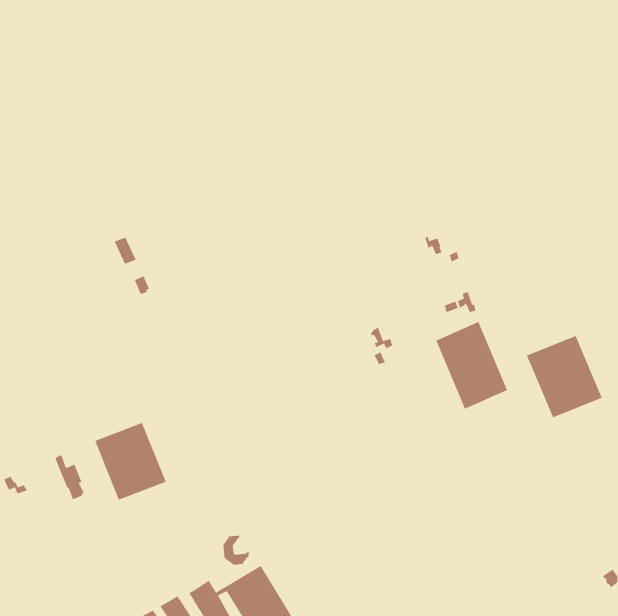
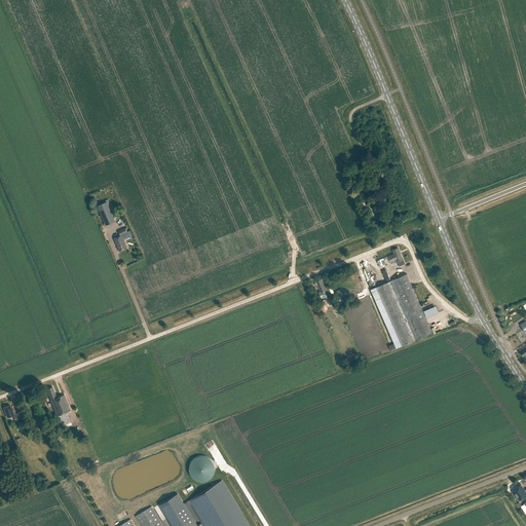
building: [526,335,602,418] -> none
building: [94,422,166,501] -> none

